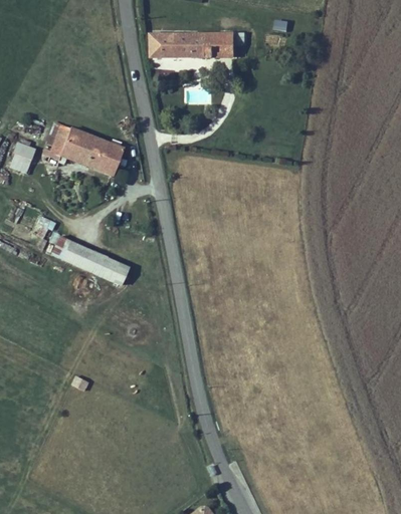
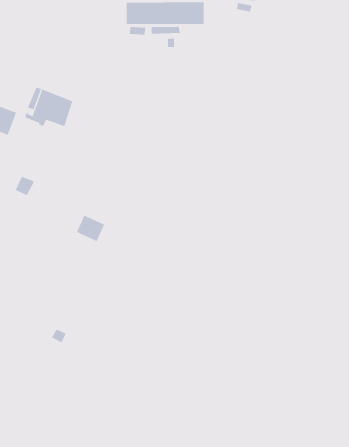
building: [85,137,123,174] -> none
building: [51,236,106,274] -> none

